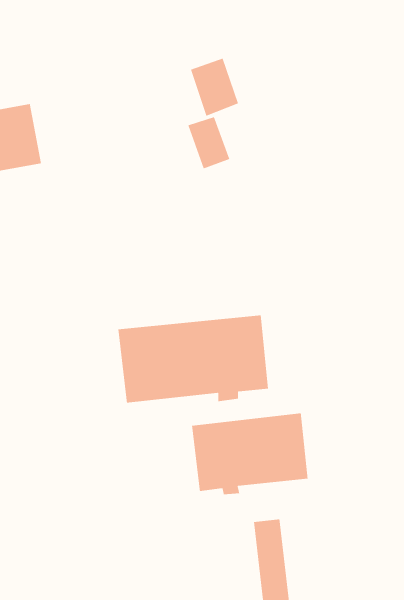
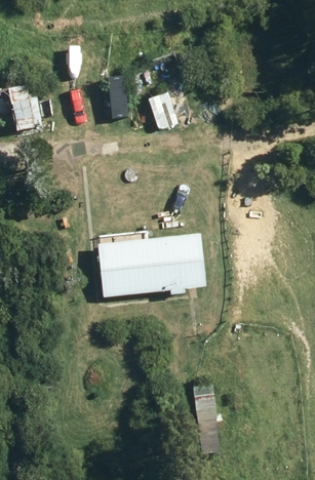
building: [191,413,308,495] -> none

